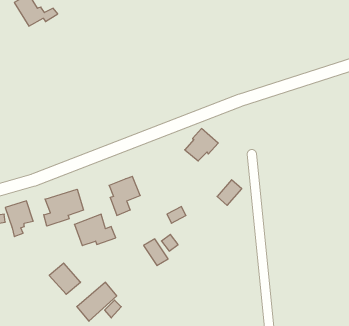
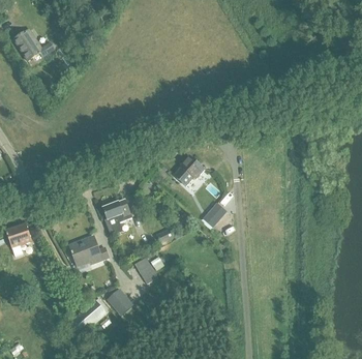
building: [44,189,84,226] -> none
building: [49,263,81,294] -> [108,286,137,315]

